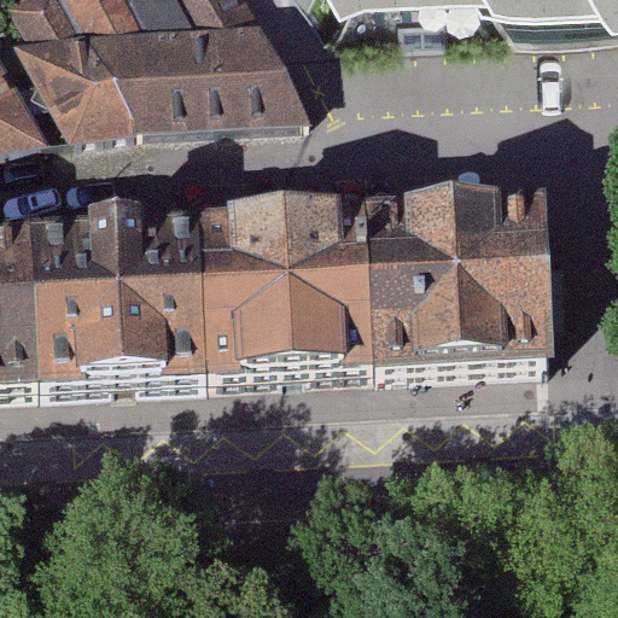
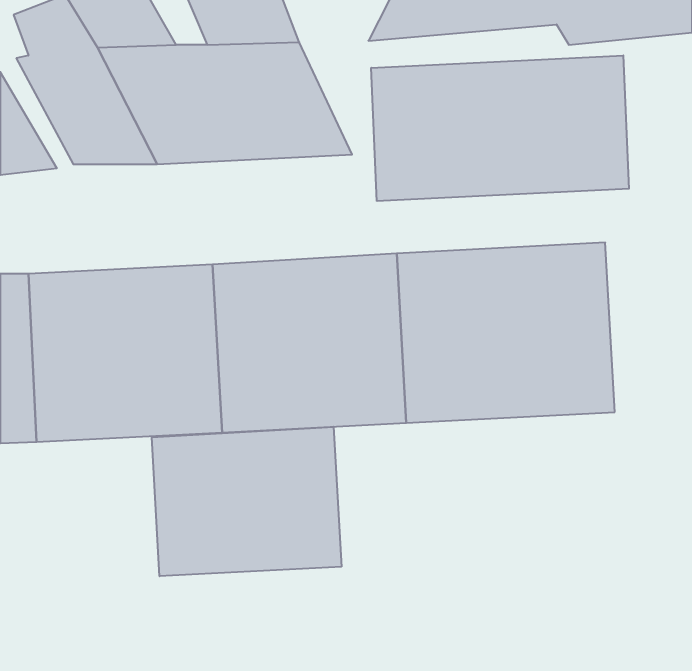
building: none -> [371,55,629,201]
building: none -> [152,427,341,576]

